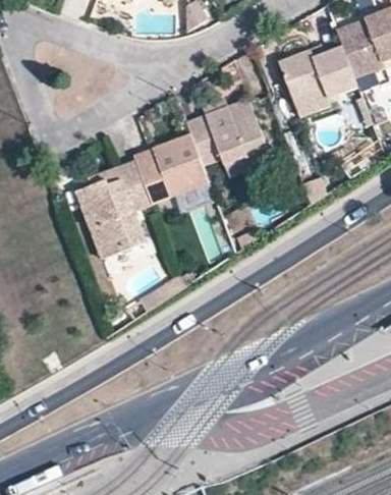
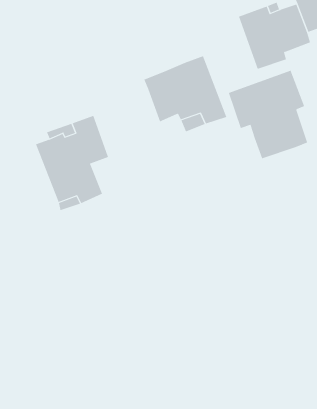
building: none -> [228,70,308,159]
building: [132,134,208,204] -> none

